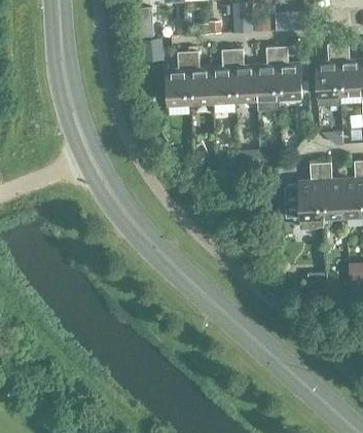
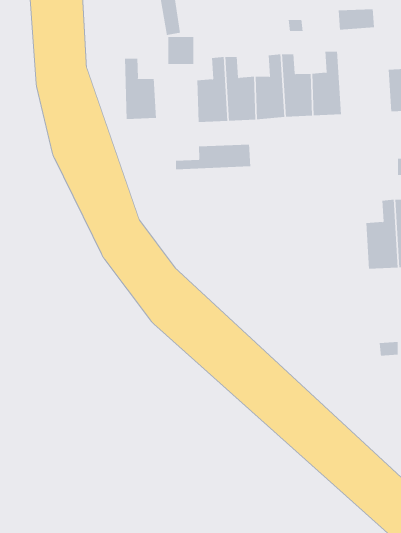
building: [276,48,302,99] -> none
building: none -> [125,58,157,120]
building: none -> [175,144,251,170]

